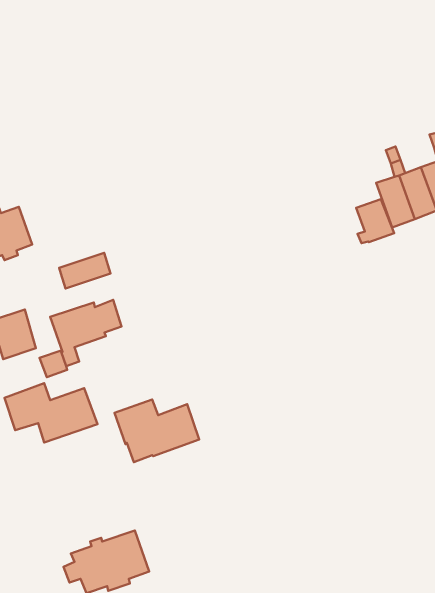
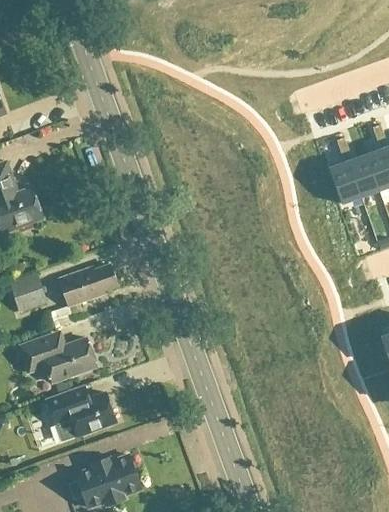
building: [356,199,394,243] -> none
building: [59,253,110,288] -> none
building: [115,400,199,462] -> [46,388,116,440]

